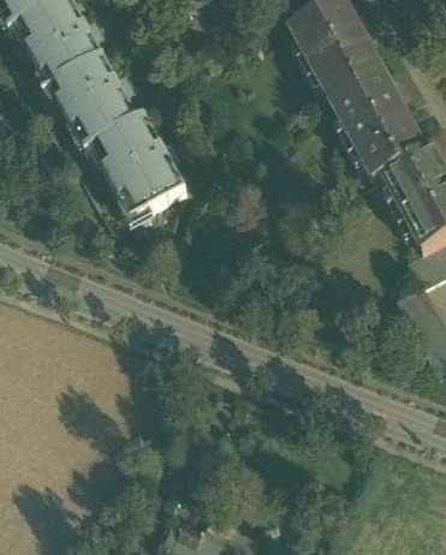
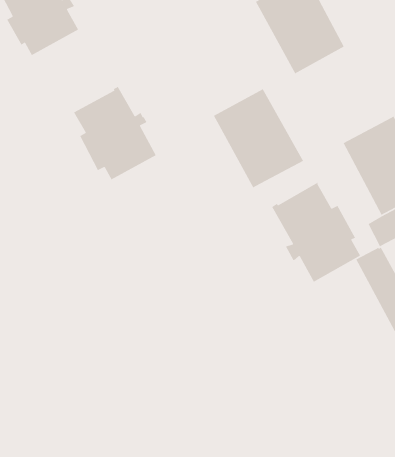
building: [52,55,138,150] -> none
building: [329,73,426,179] -> [213,88,304,189]
building: none -> [271,179,361,283]

